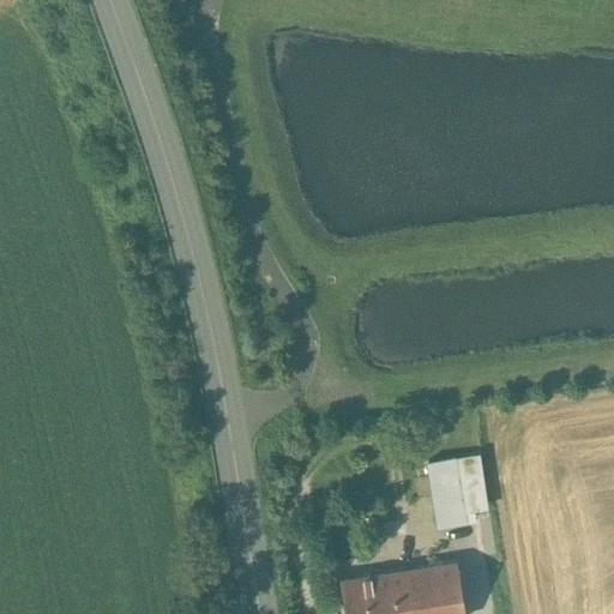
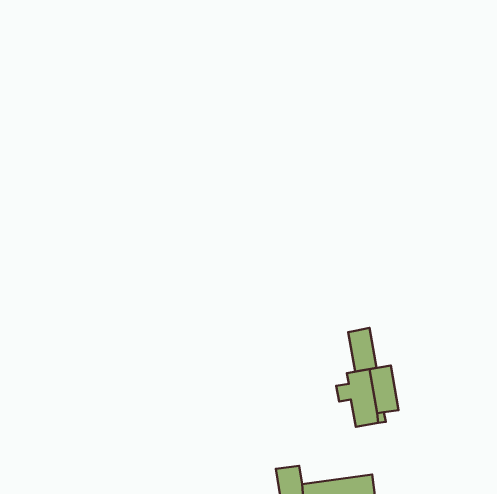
building: none -> [348,328,377,372]
building: [368,565,458,601] -> none

